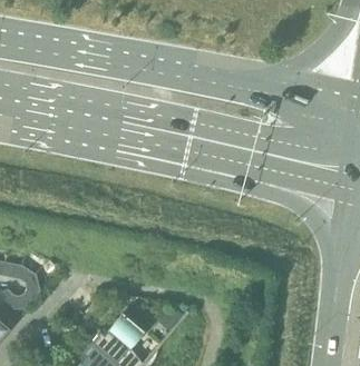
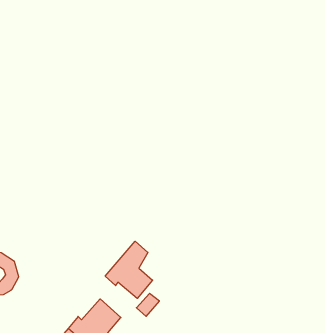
building: none -> [105,241,153,298]

